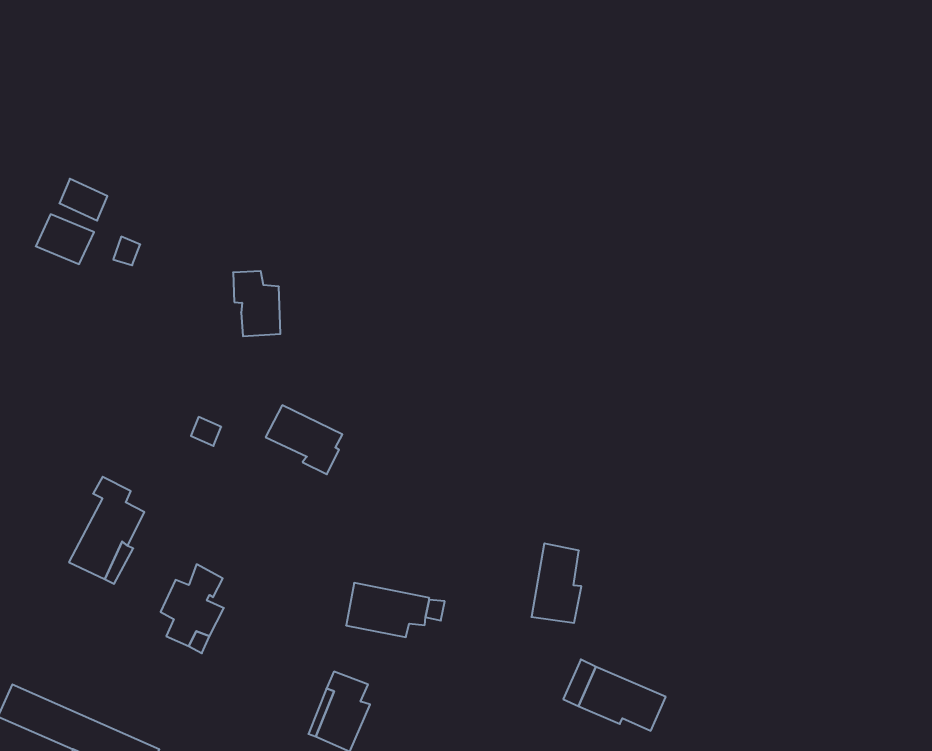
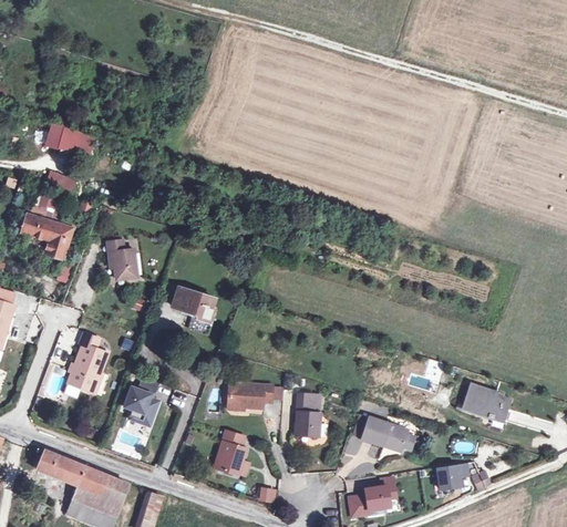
building: none -> [44,123,96,156]
building: none -> [22,213,72,258]
building: [233,271,280,336] -> [107,245,137,282]
building: [531,543,581,623] -> [295,393,321,436]
building: none -> [462,383,513,421]

